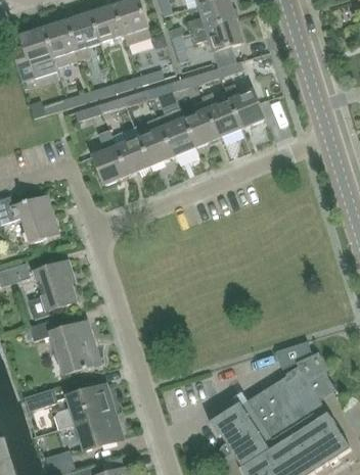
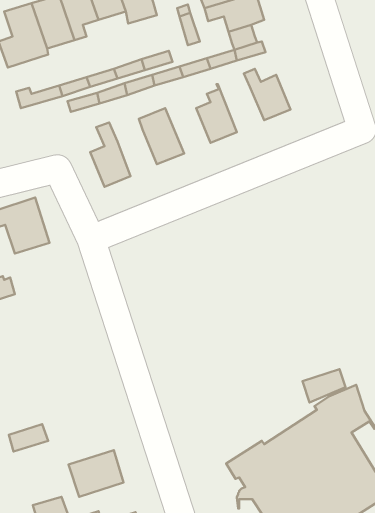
building: [202,93,242,138] -> none
building: [158,108,196,156] -> none
building: [117,136,150,176] -> none
building: [27,260,75,320] -> none
building: [29,317,94,374] -> none
building: [54,384,114,428] -> none

